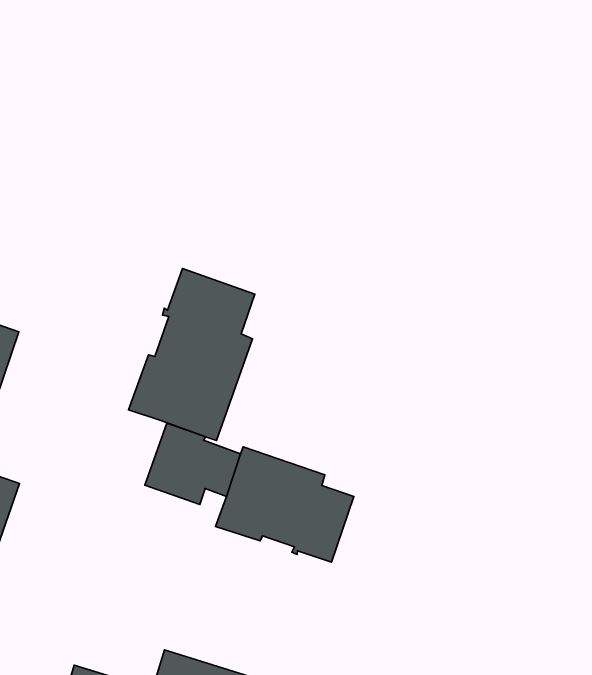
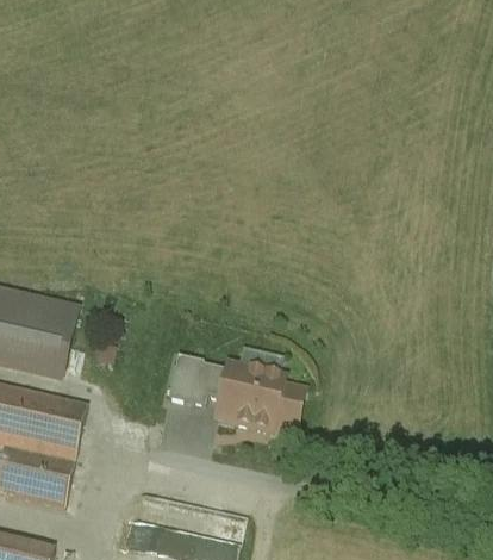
building: [128,268,255,440] -> none

